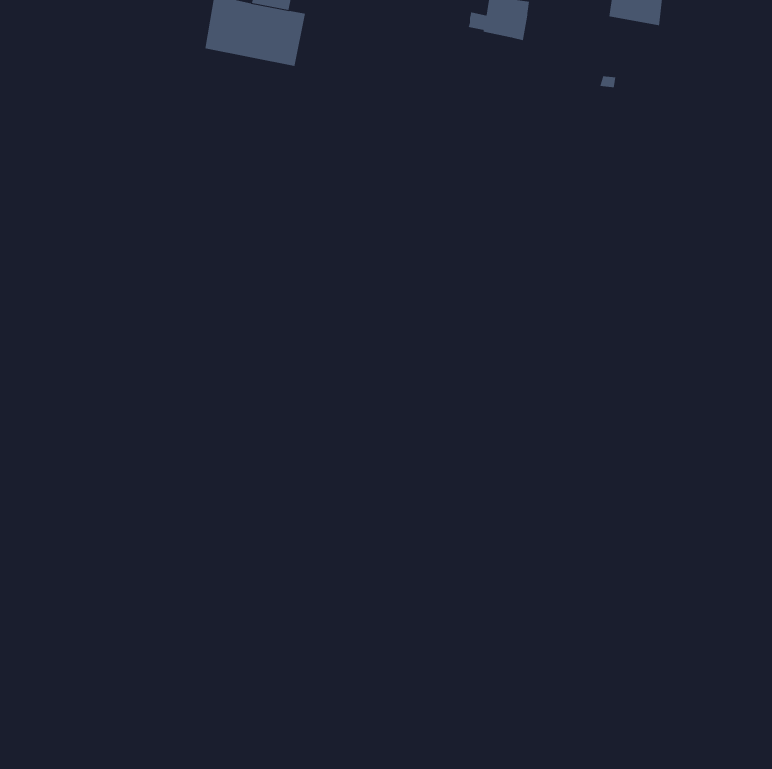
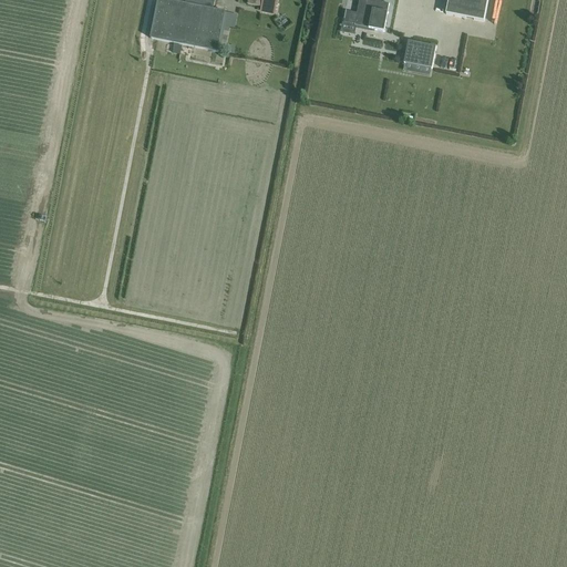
building: none -> [403,39,435,66]

